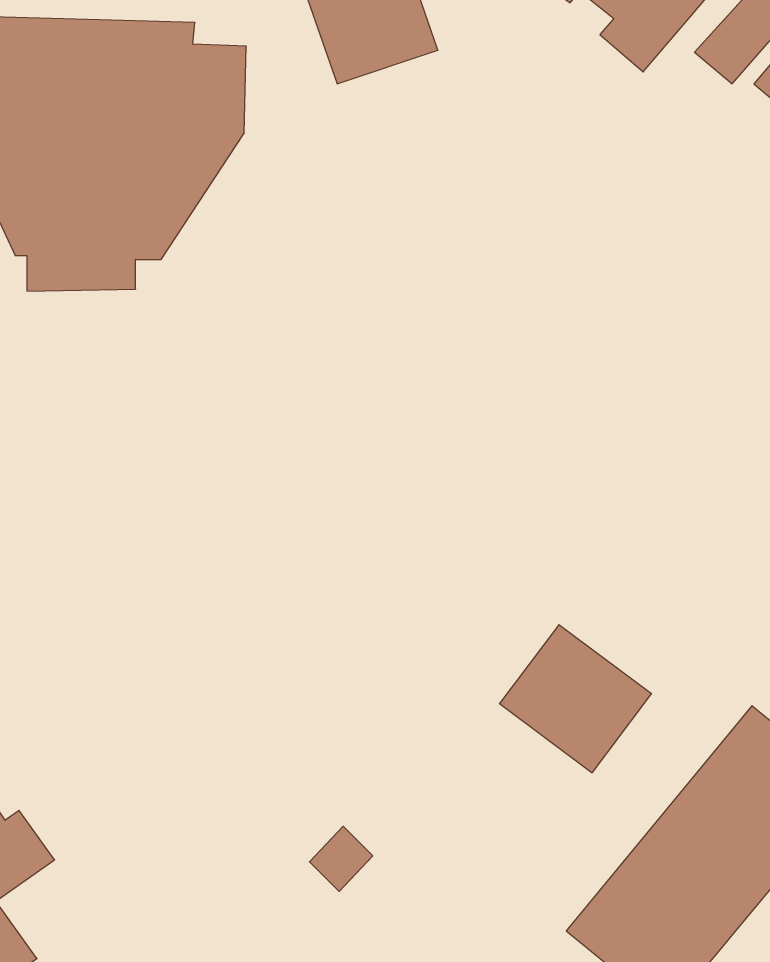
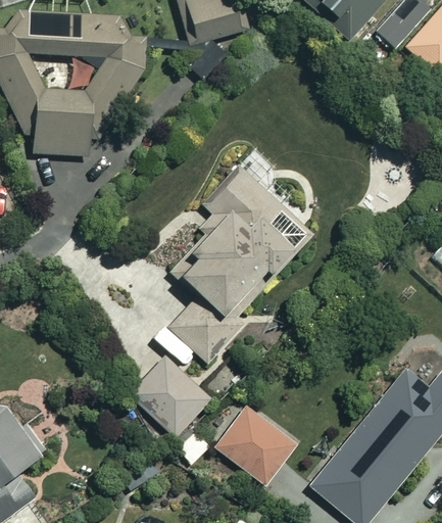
building: none -> [173,169,295,362]
building: [499,625,652,773] -> [216,408,295,484]
building: none -> [129,358,208,436]

